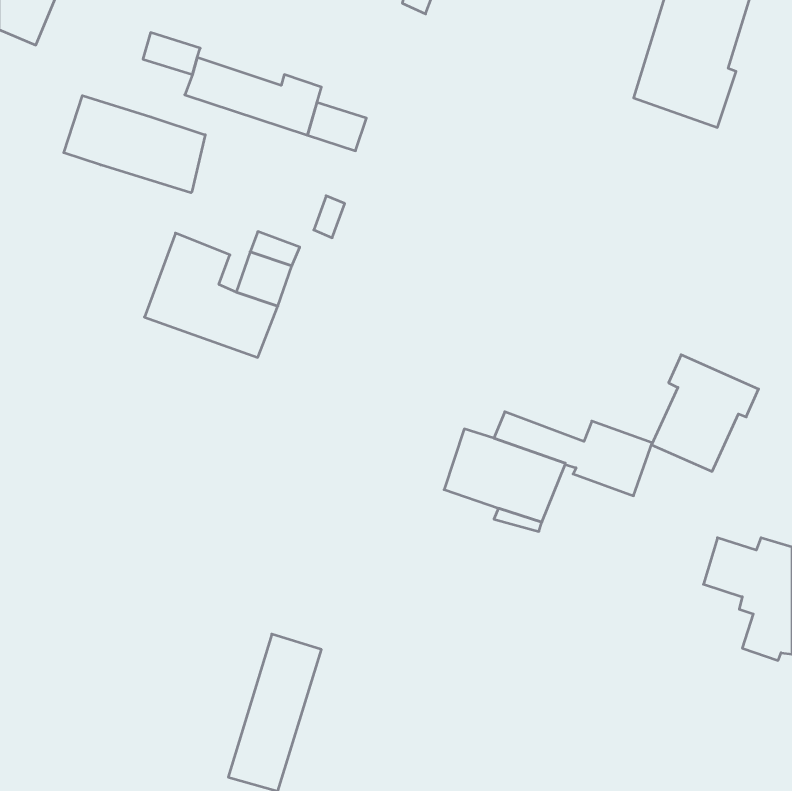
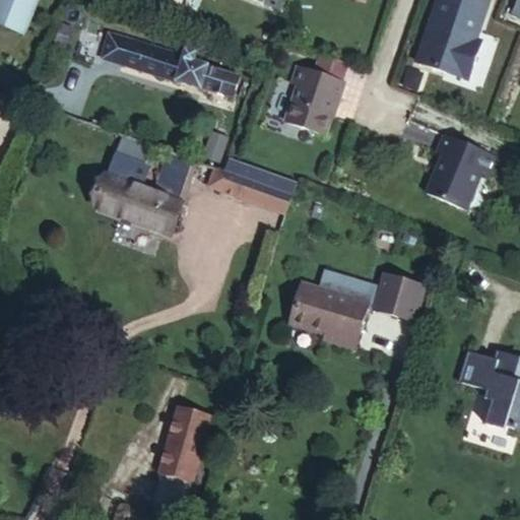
building: none -> [285,59,347,133]
building: [64,96,205,193] -> none
building: none -> [207,157,296,213]
building: [652,355,759,471] -> [422,134,493,210]

